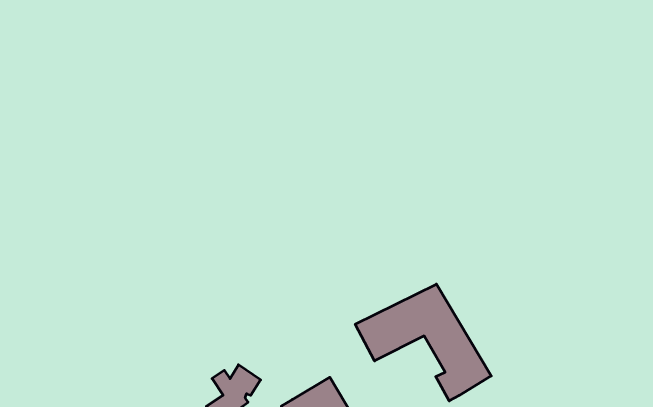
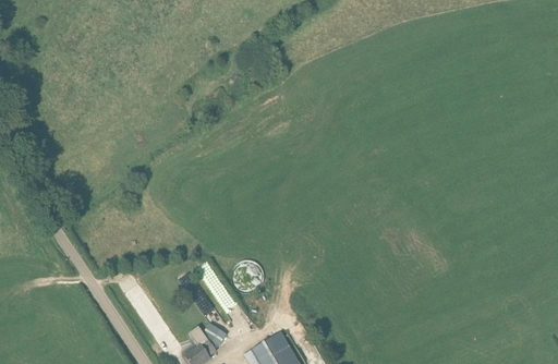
building: [355,284,491,401] -> none

